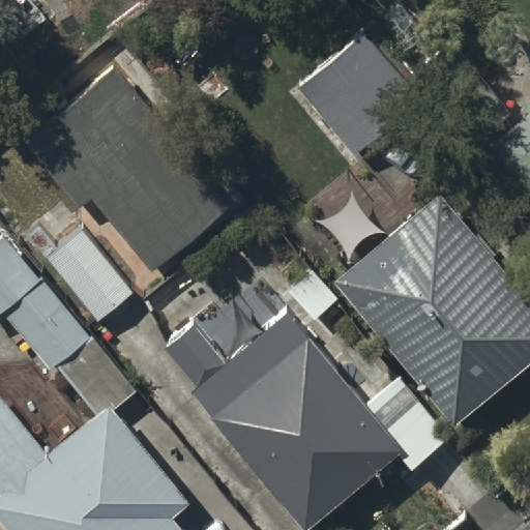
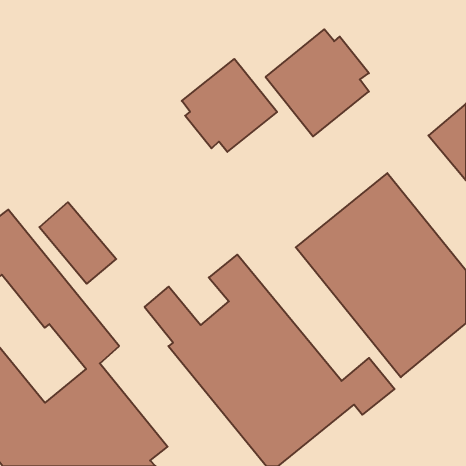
building: none -> [182,59,277,152]
building: [25,72,225,271] -> none

